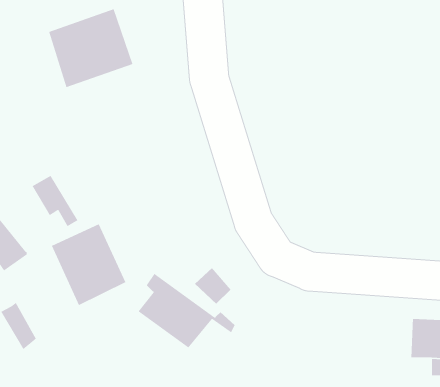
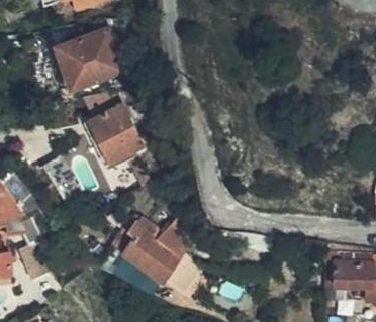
building: [51,223,127,306] -> [87,105,143,166]

